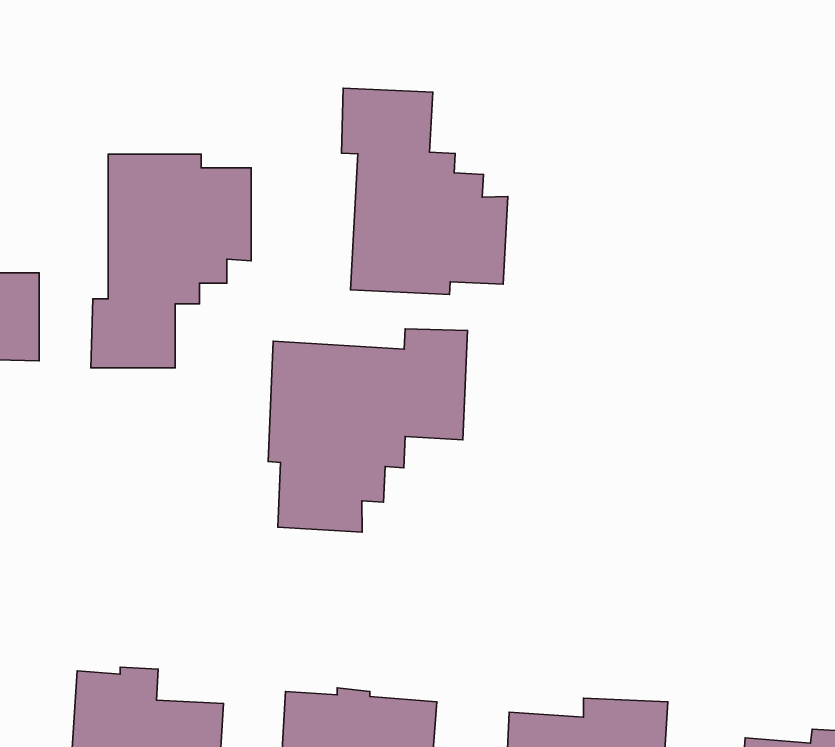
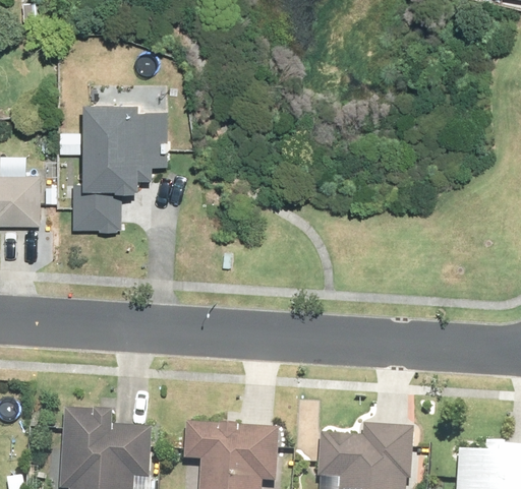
building: [341,88,508,295] -> none
building: [268,329,468,532] -> none

